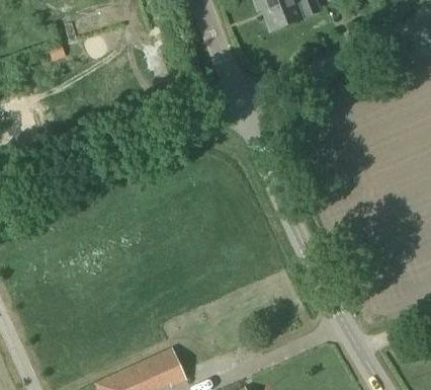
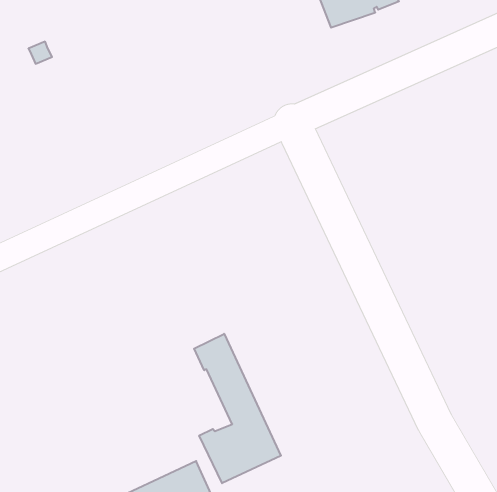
building: none -> [194,334,281,483]

